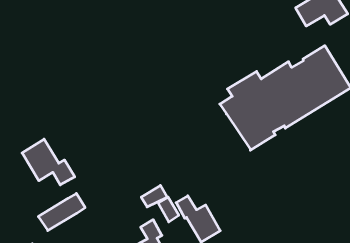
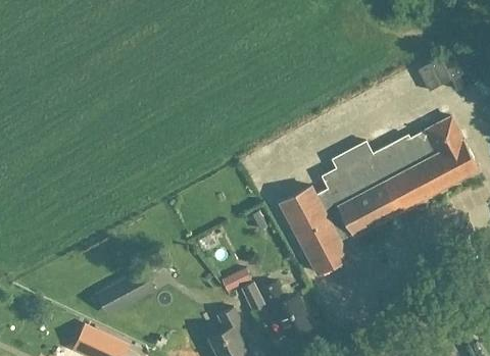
building: none -> [281,188,354,273]
building: [22,139,75,185] -> none

